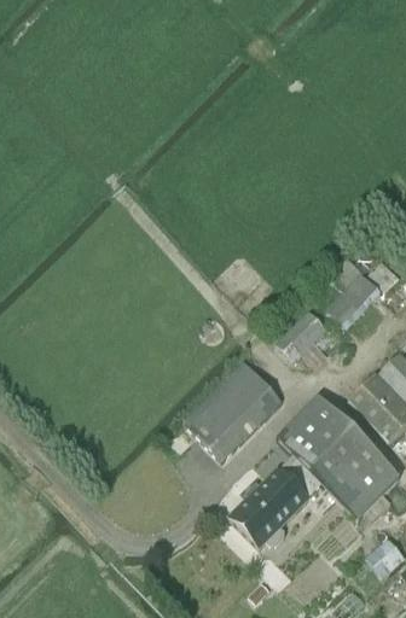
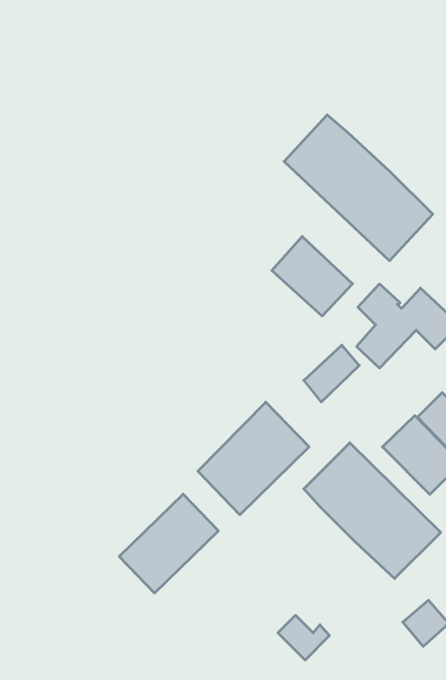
building: none -> [284,115,433,261]
building: none -> [272,236,353,316]
building: [231,457,319,546] -> [119,494,218,593]

